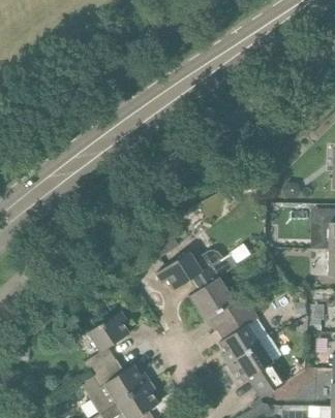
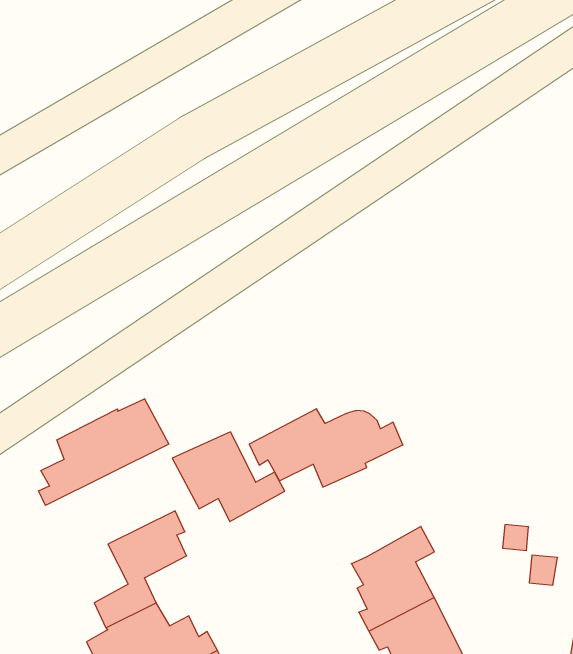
building: none -> [39,399,169,505]
building: [189,280,249,326] -> [172,432,285,522]

